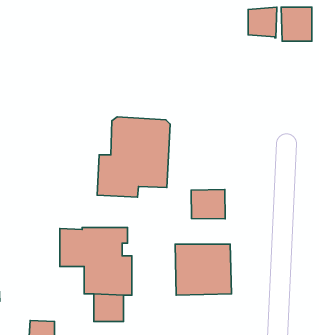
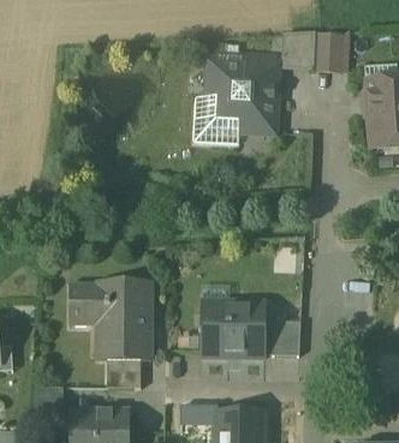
building: [97,117,170,197] -> [195,52,278,143]
building: [191,190,225,219] -> none
building: none -> [273,321,302,354]

